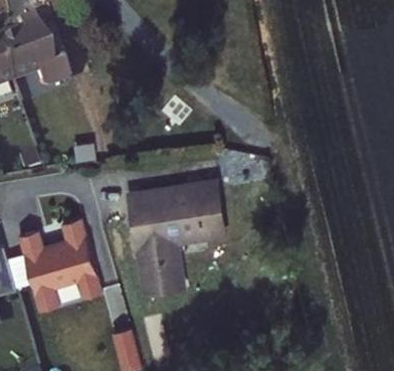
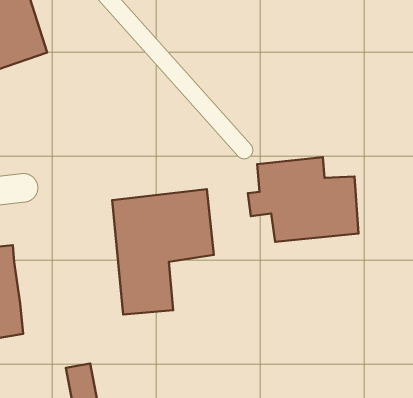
building: none -> [248,157,359,242]
building: [50,222,105,308] -> none

